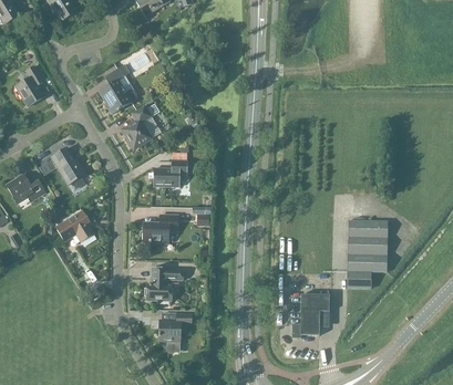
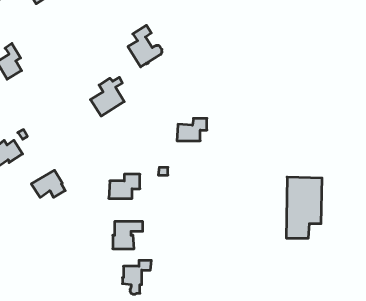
building: [99,65,137,113] -> [128,25,162,67]
building: [51,145,85,183] -> none
building: [154,159,188,185] -> [177,118,207,141]
building: [291,293,329,336] -> none

